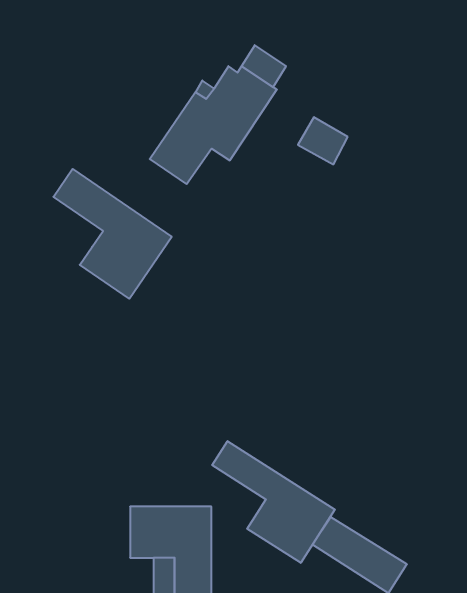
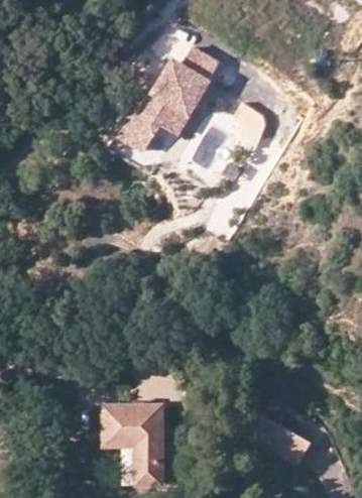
building: [53,169,172,299] -> none
building: [212,441,335,563] -> none

